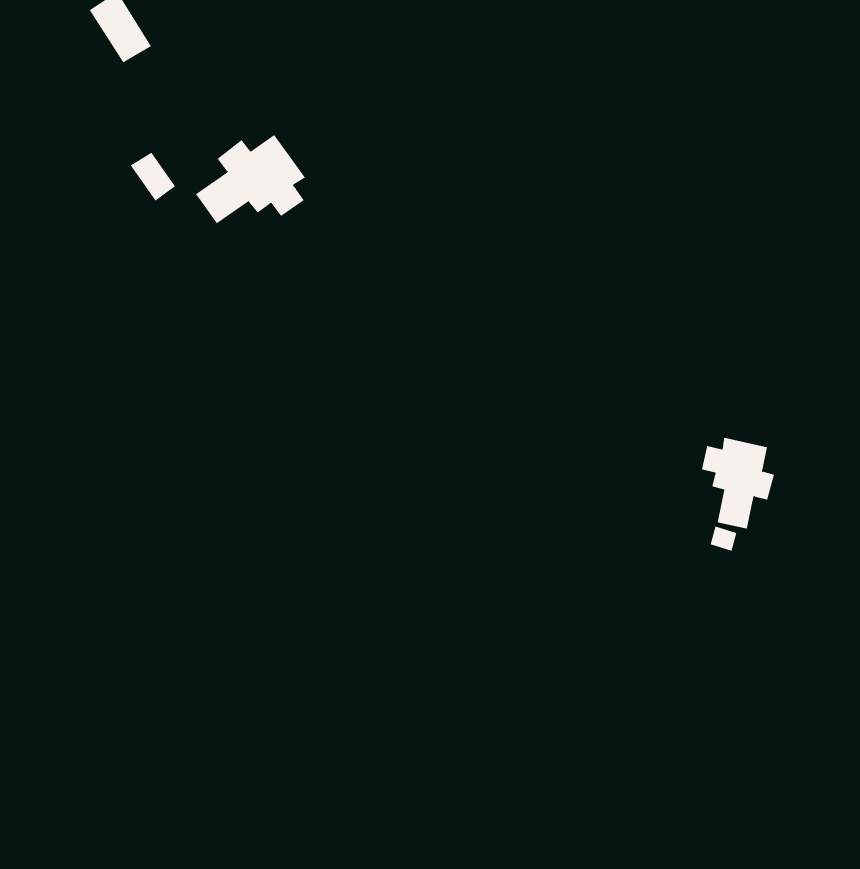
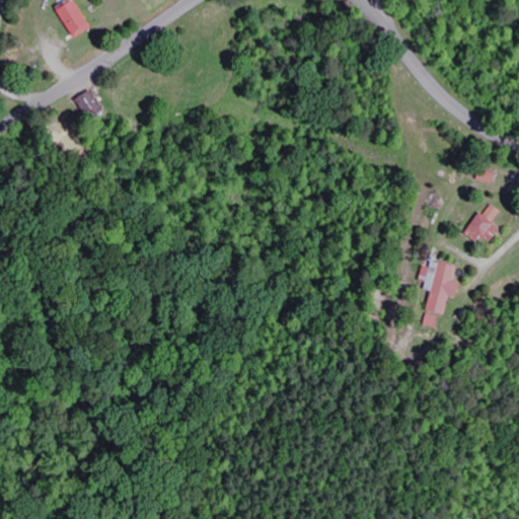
building: [195,134,306,224] -> none
building: none -> [463,204,499,241]

